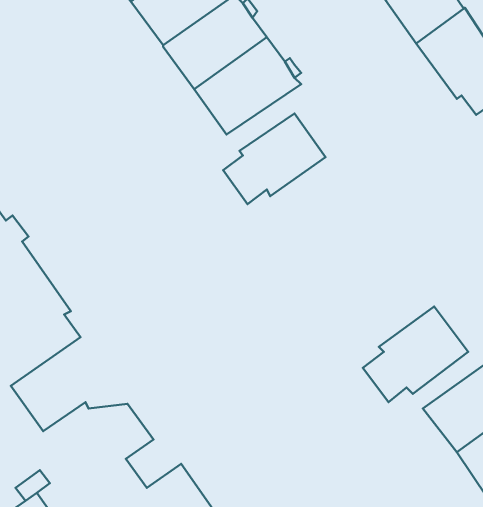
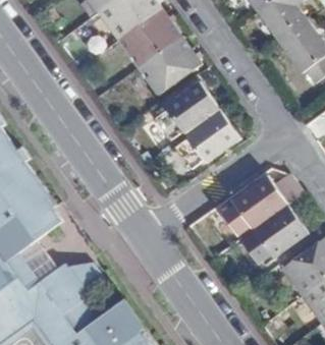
building: none -> [174,110,239,170]
building: none -> [220,175,286,234]

